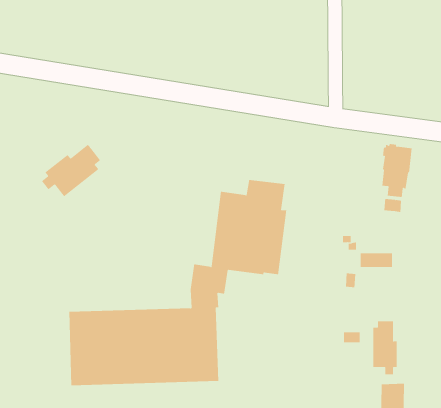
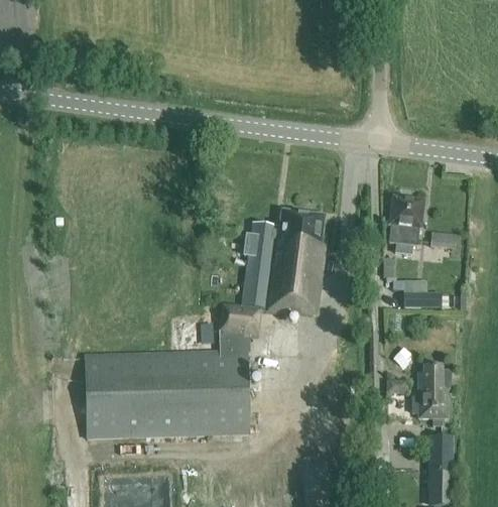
building: [381,143,413,198] -> [388,194,422,253]
building: [41,144,101,197] -> none

